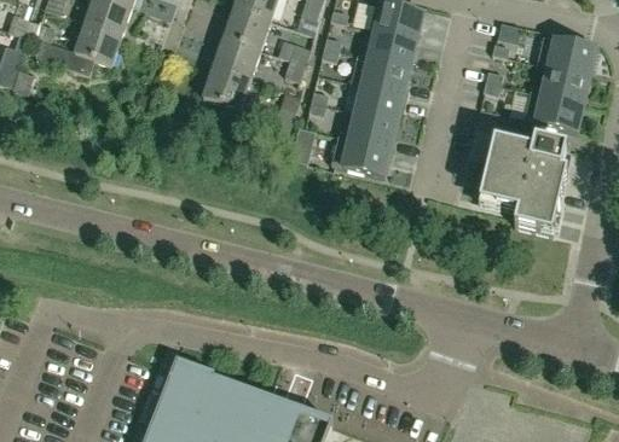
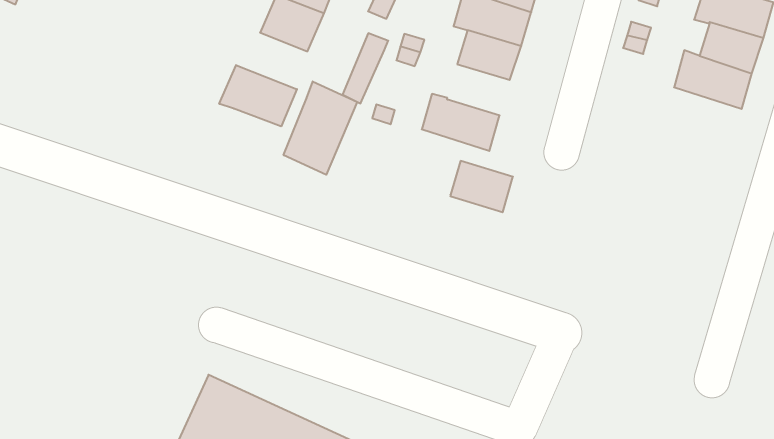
building: [349,109,397,146] -> [450,161,513,212]
building: none -> [219,65,297,126]
building: none -> [284,81,357,175]
building: [479,136,567,232] -> none

